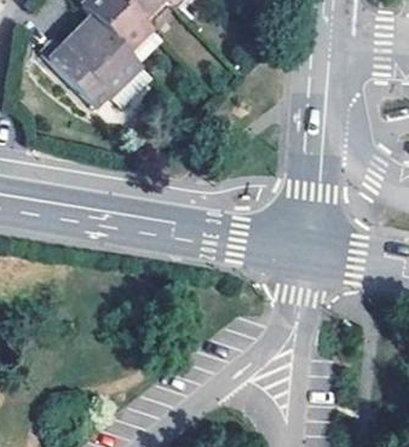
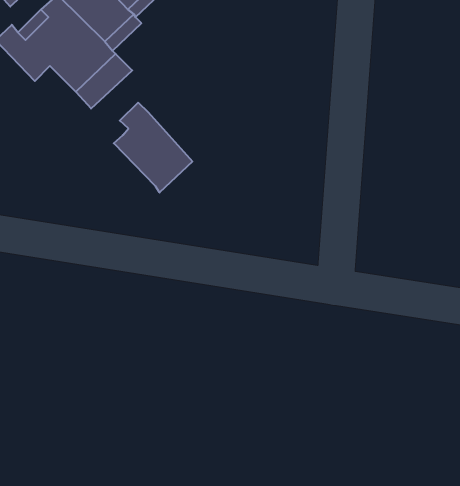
building: none -> [114,103,192,193]

